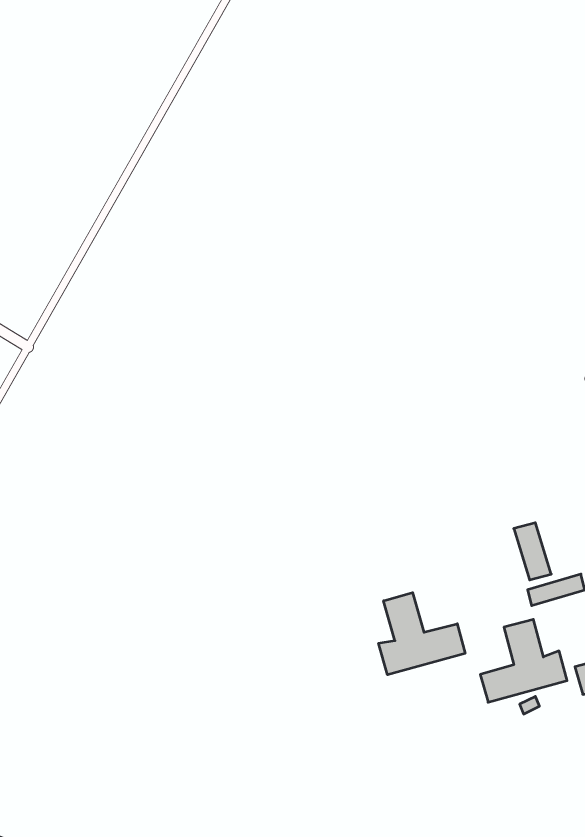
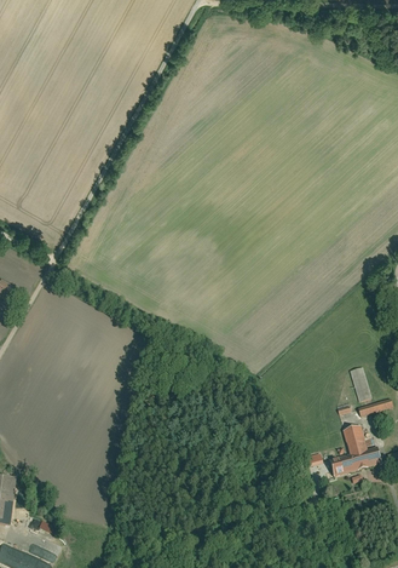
building: [379,593,465,675] -> none

